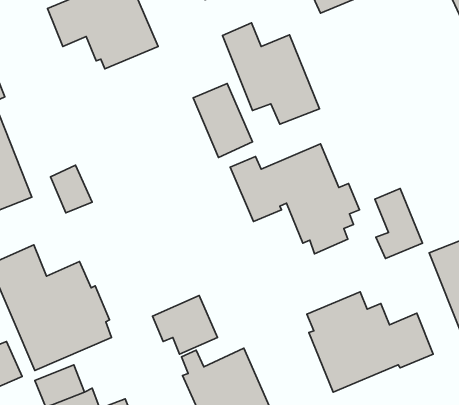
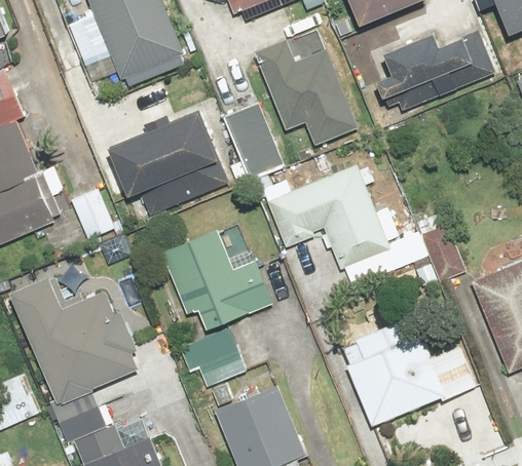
building: none -> [375,29,496,110]
building: none -> [107,112,225,213]
building: none -> [161,229,272,332]

